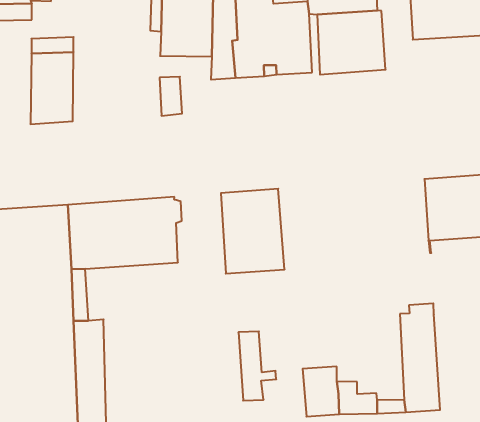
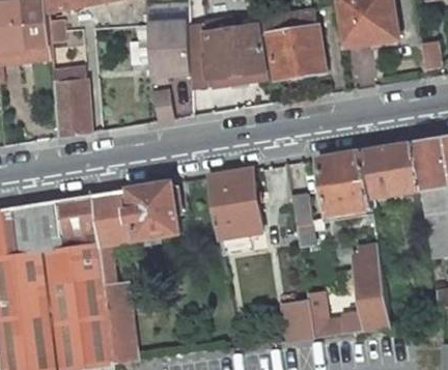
building: none -> [318,151,372,215]
building: [238,331,276,401] -> [292,193,325,247]

